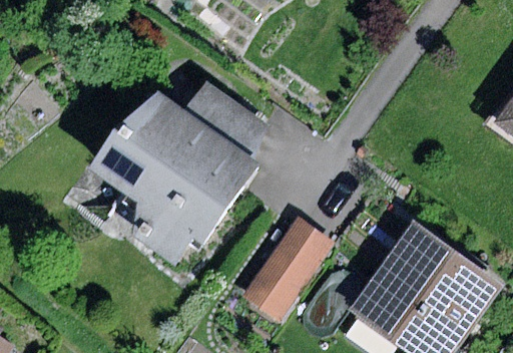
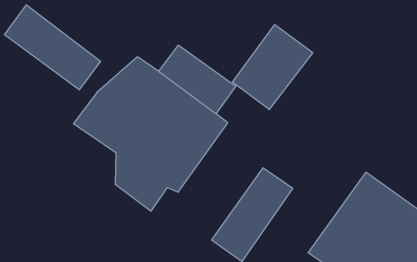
building: none -> [4,5,101,90]
building: none -> [233,25,313,110]

